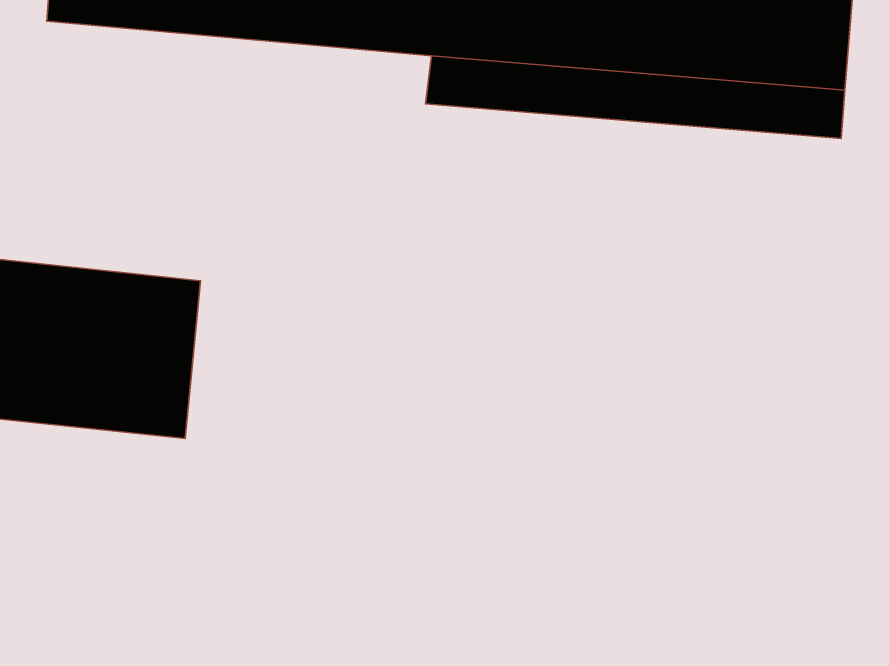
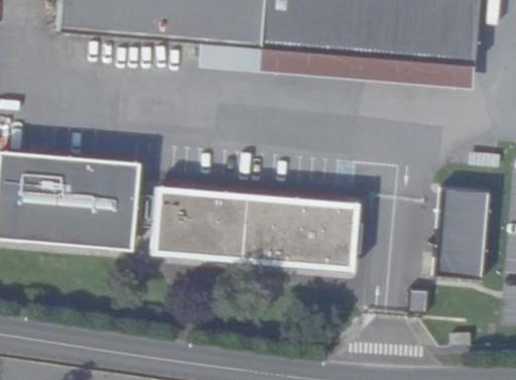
building: none -> [428,183,487,277]
building: none -> [146,186,351,264]

